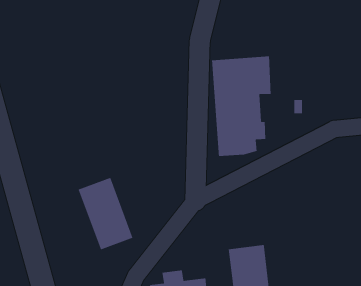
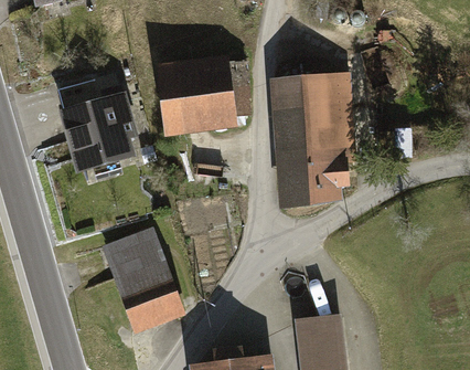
building: none -> [157,62,247,129]
building: none -> [61,87,131,169]

